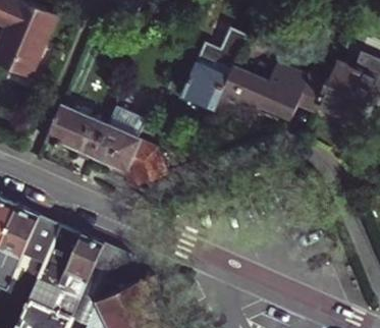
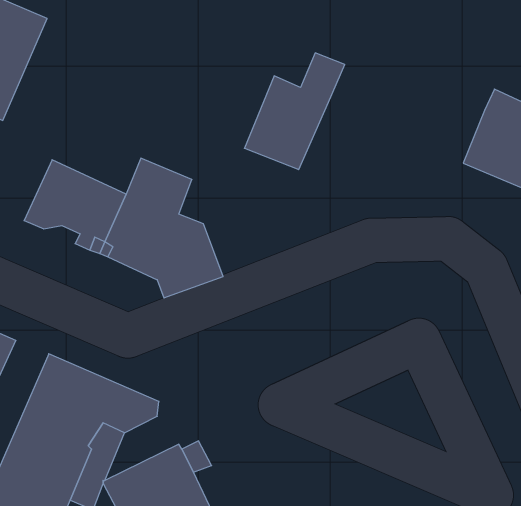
building: [214,65,329,125] -> none

